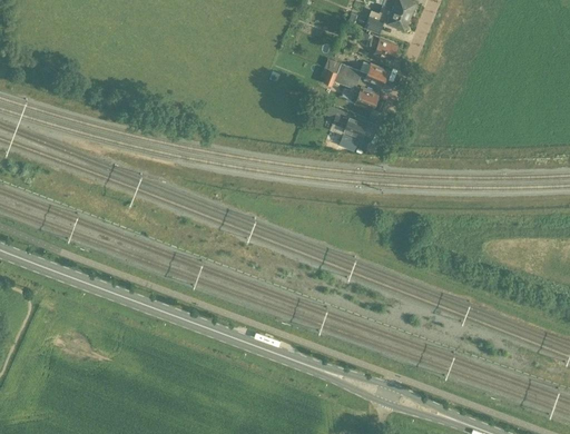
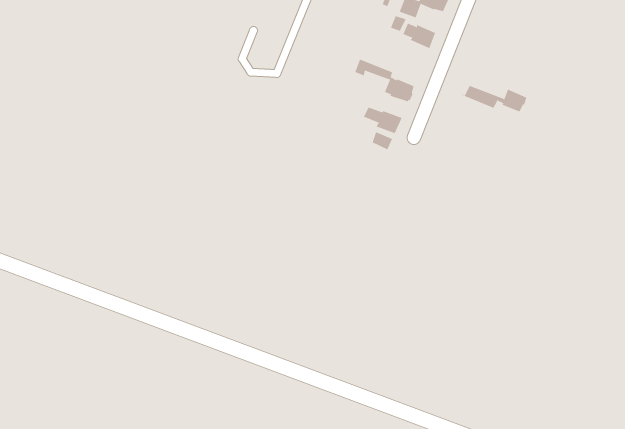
building: [328,60,389,85] -> [461,85,527,112]

